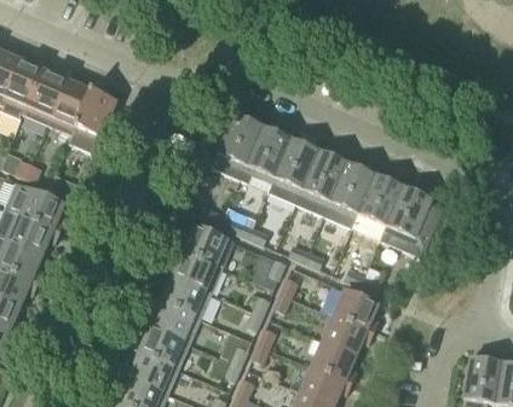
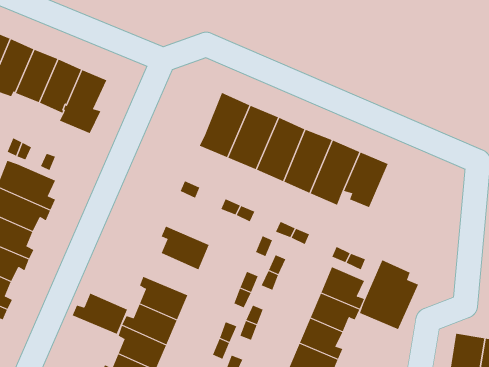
building: [380,184,440,255] -> [359,260,419,330]
building: [177,222,234,266] -> none
building: [154,274,211,316] -> [72,293,128,335]

